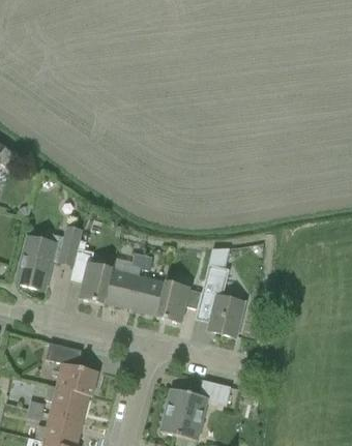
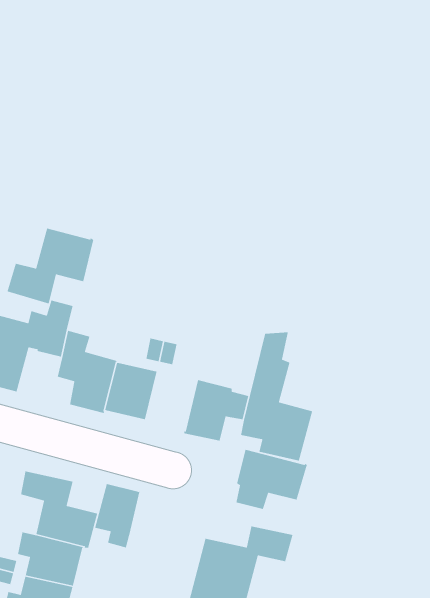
building: none -> [7,228,94,305]
building: [131,275,167,316] -> none
building: none -> [235,447,308,510]
building: none -> [94,483,140,549]

